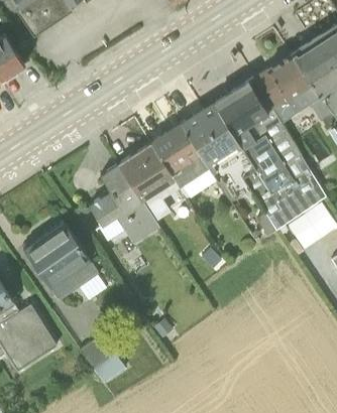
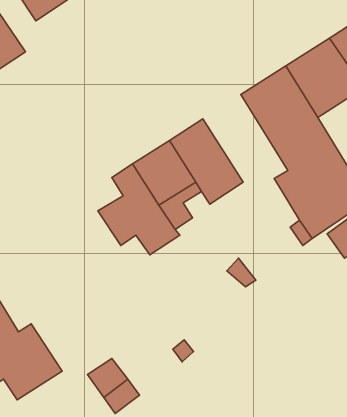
building: [181,103,255,200] -> none
building: [23,219,106,299] -> none

